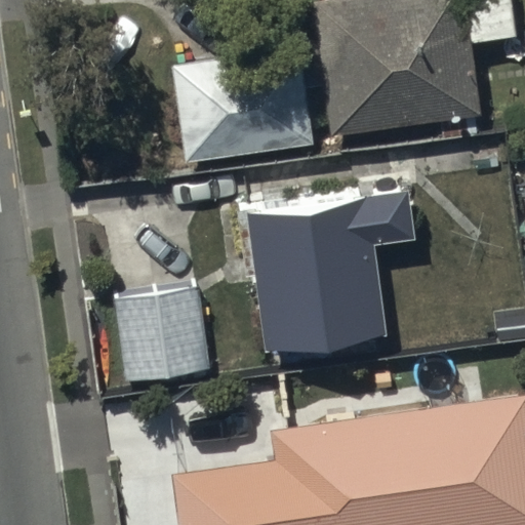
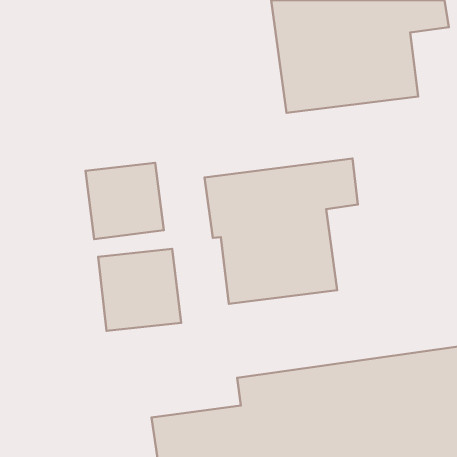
building: [173,51,315,166] -> none
building: none -> [85,163,164,239]

